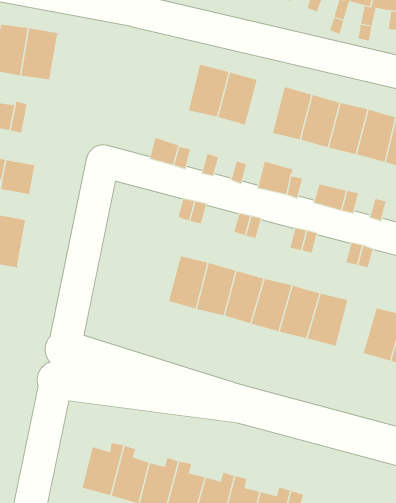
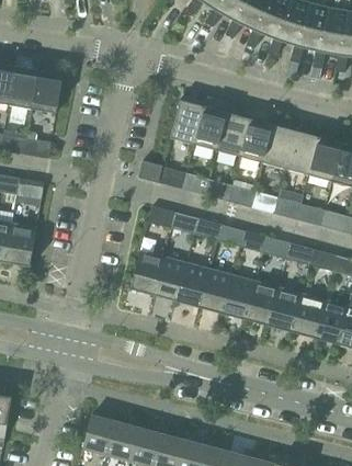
building: none -> [218,113,250,157]
building: none -> [129,251,164,295]
building: none -> [293,294,326,338]

